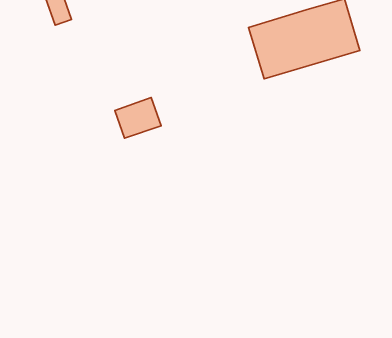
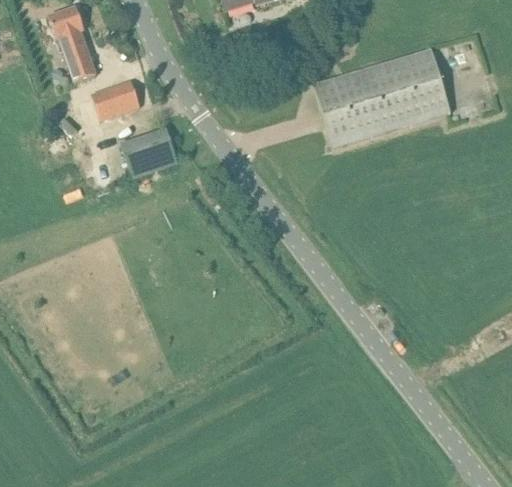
building: none -> [90,80,140,119]
building: [115,98,161,138] -> [121,127,178,177]

